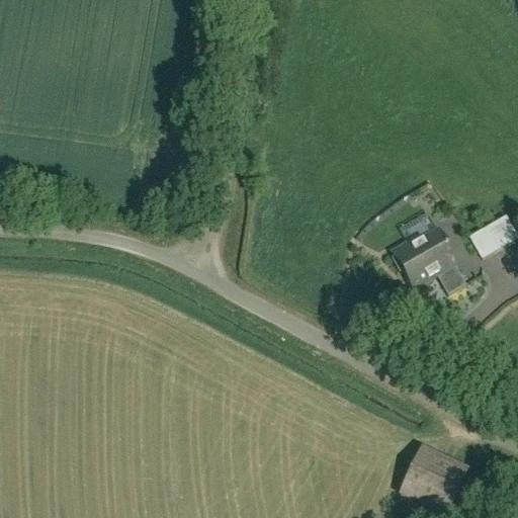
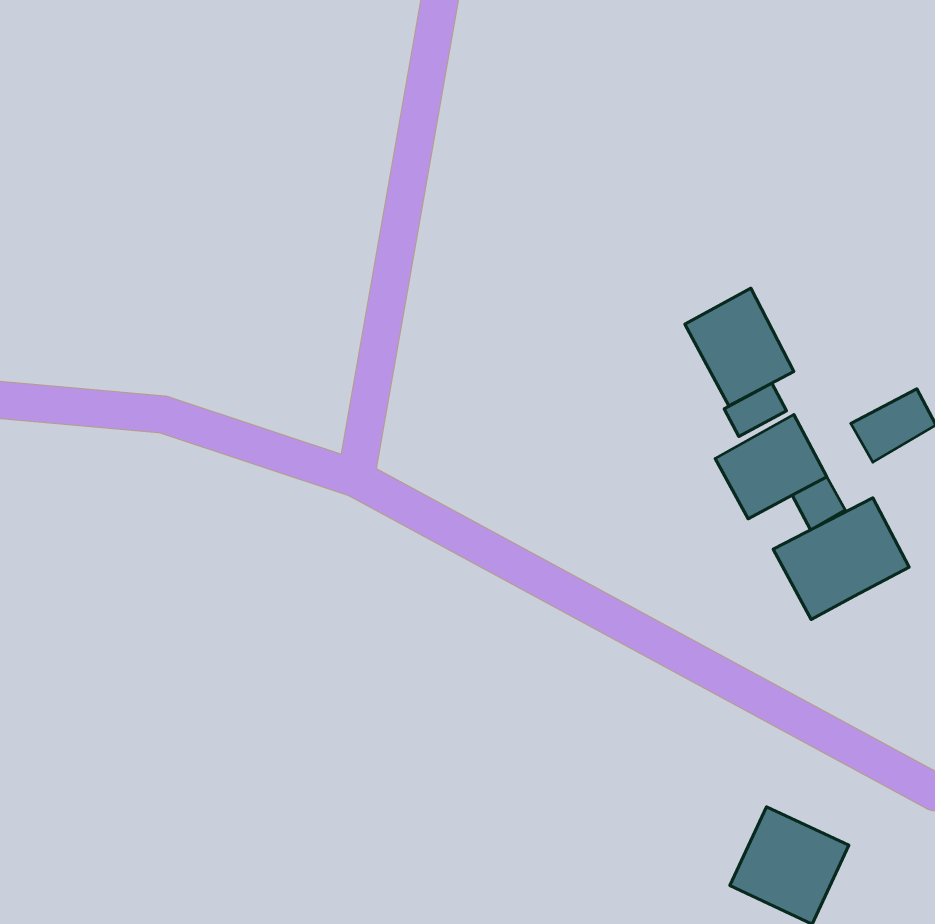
building: none -> [685,288,794,406]
building: none -> [773,498,909,620]

